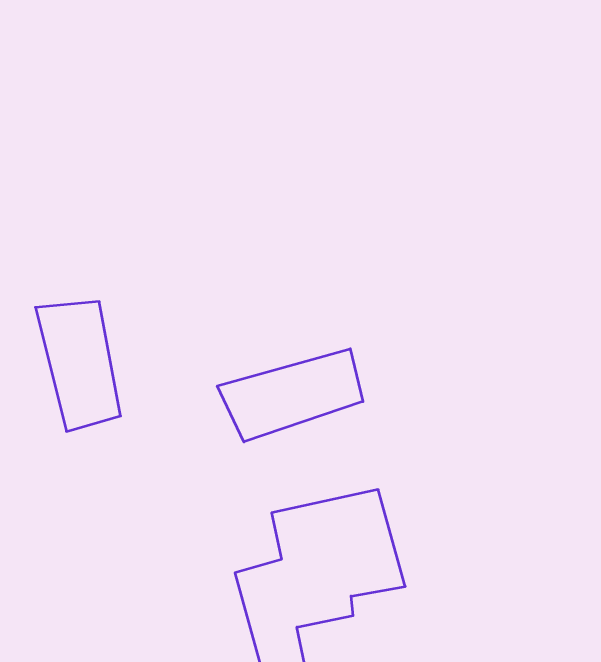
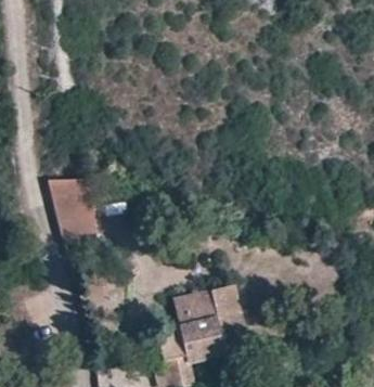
building: [217,349,363,442] -> none

